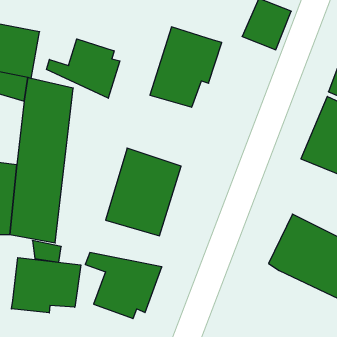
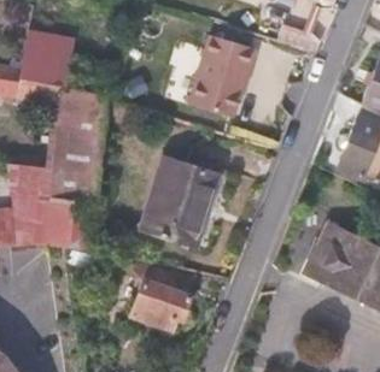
building: [47,39,120,98] -> none
building: [11,258,81,313] -> none

